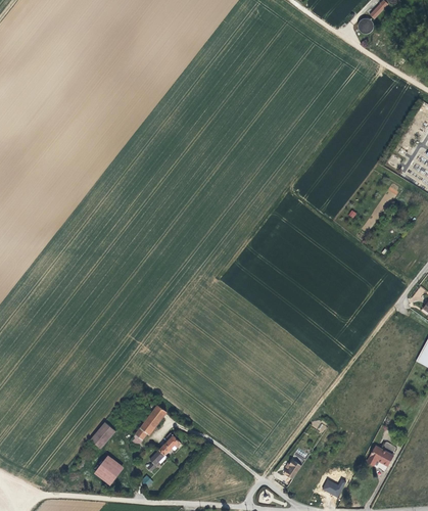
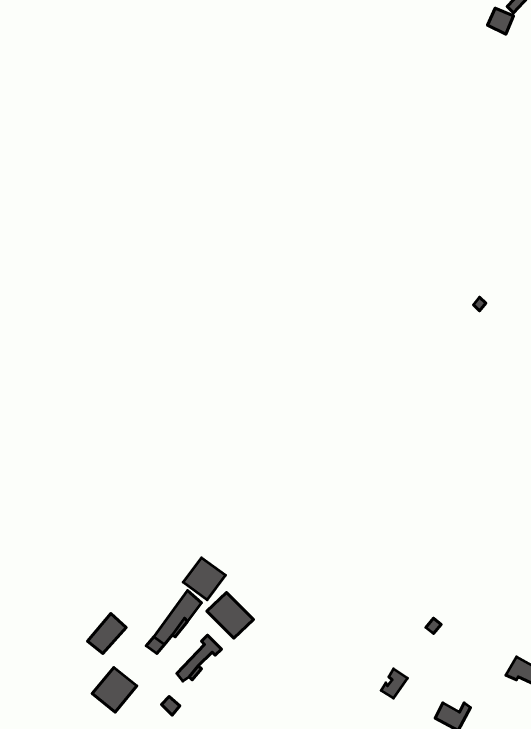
building: none -> [183,558,225,600]
building: none -> [207,592,253,638]

